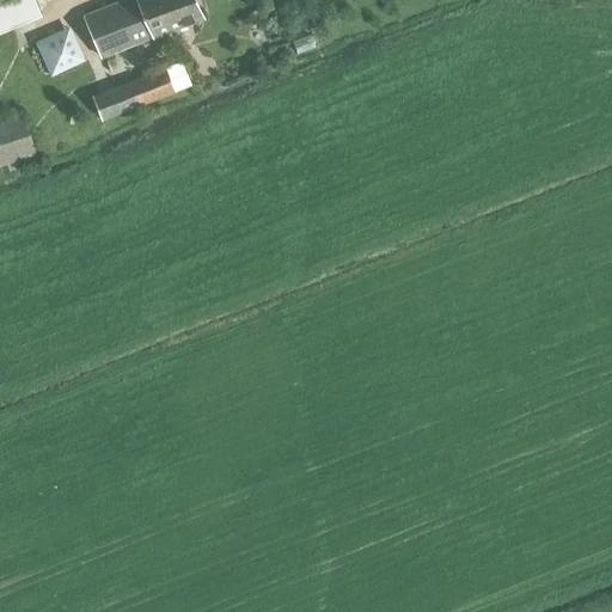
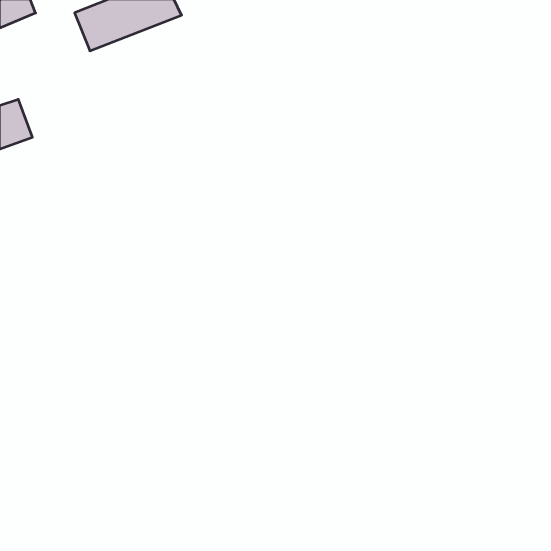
building: [32,25,82,74] -> none
building: [90,59,190,120] -> none

